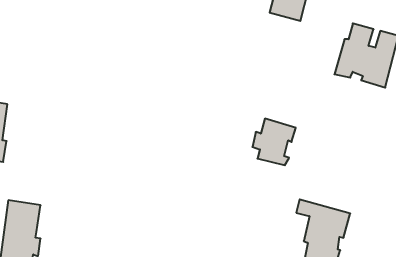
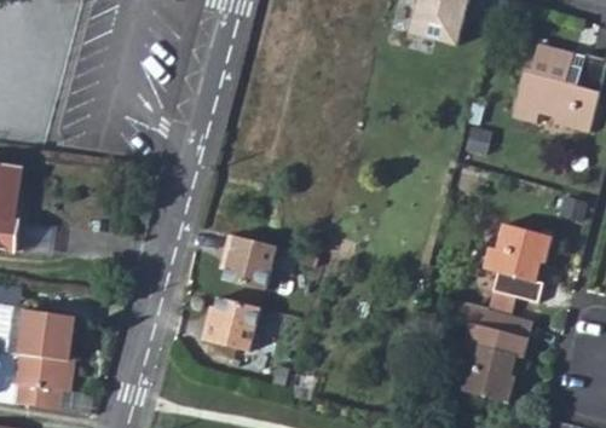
building: [252,119,296,165] -> [481,239,544,307]
building: none -> [220,232,273,289]
building: none -> [198,296,259,349]

